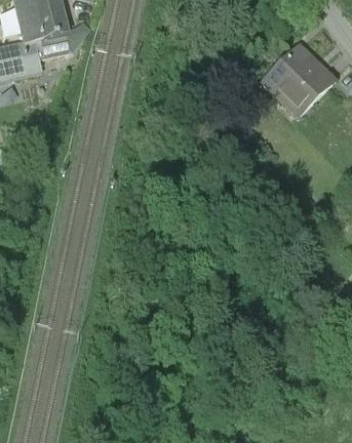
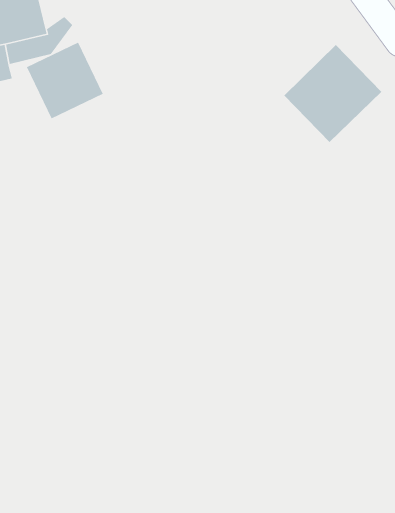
building: none -> [26,42,104,119]

